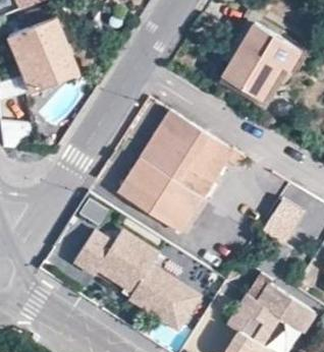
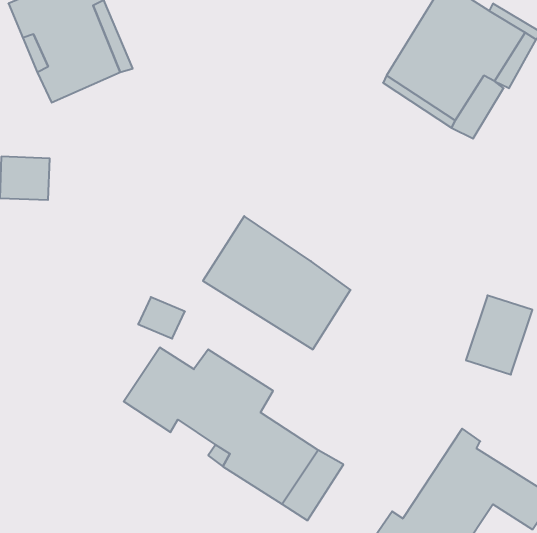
building: [142,109,247,197] -> none

